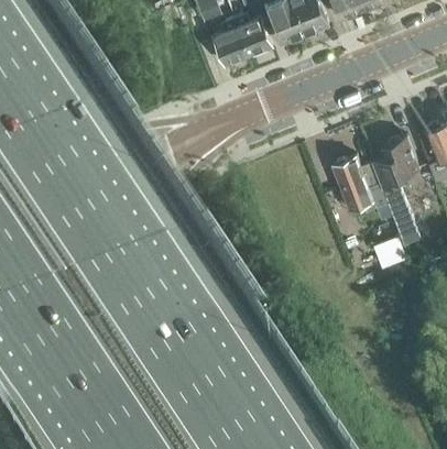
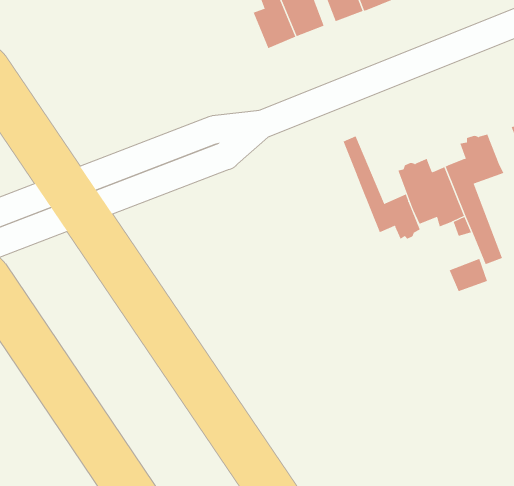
building: none -> [343,135,421,240]

